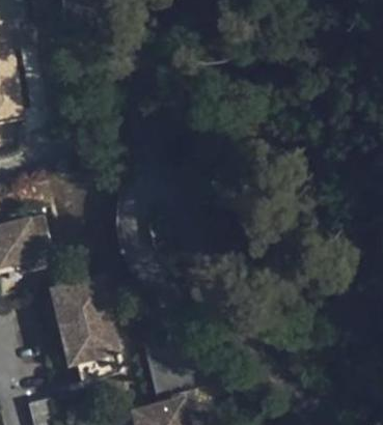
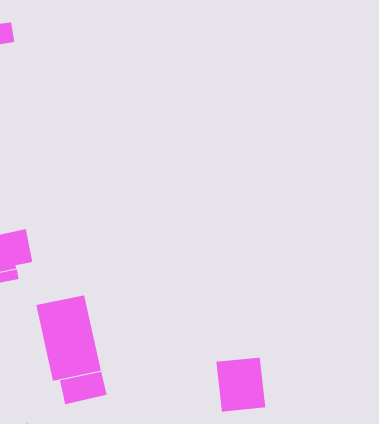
building: [140,340,187,391] -> [215,357,266,412]

